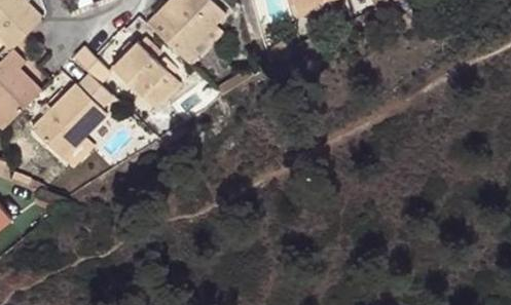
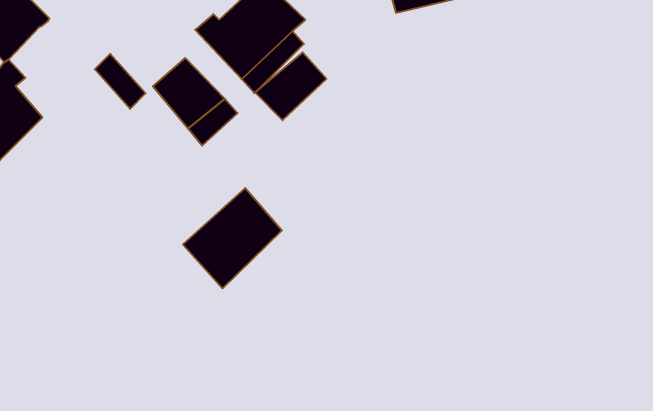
building: none -> [255,52,326,120]
building: [31,84,103,157] -> [183,188,282,288]

